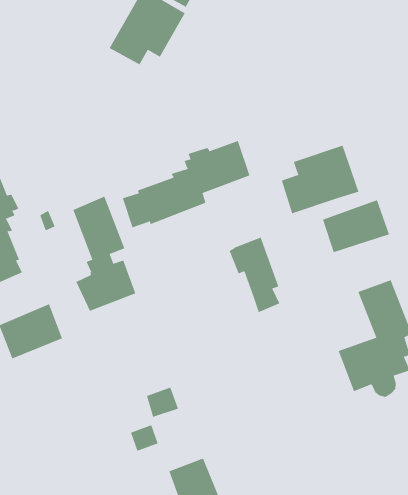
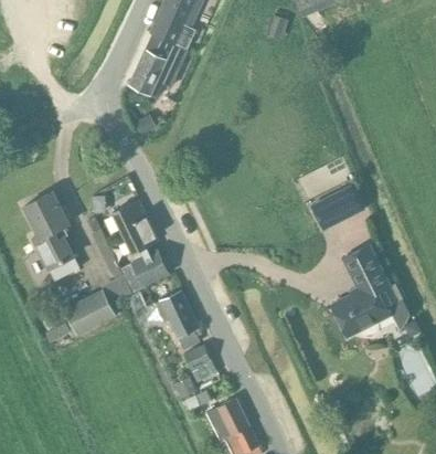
building: [122,140,250,228] -> none
building: [281,145,359,214] -> none
building: [229,237,280,313] -> [156,291,200,350]

